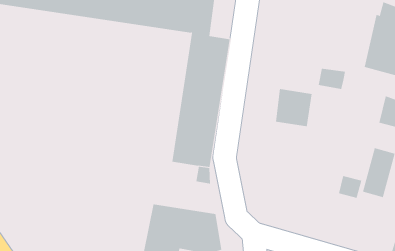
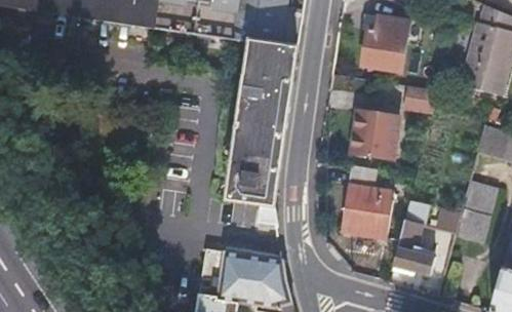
building: none -> [360,14,408,71]
building: none -> [342,163,394,236]
building: none -> [394,198,436,273]

